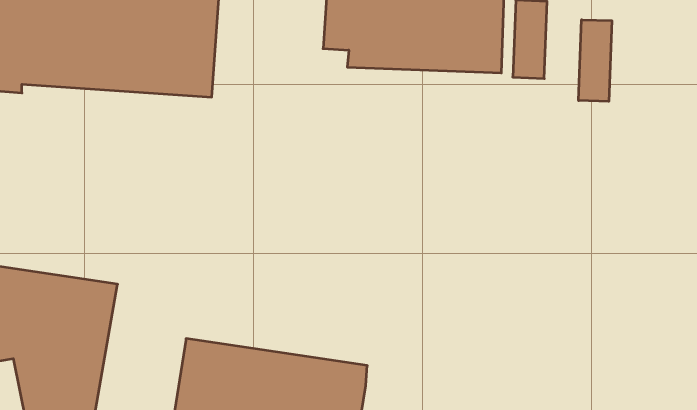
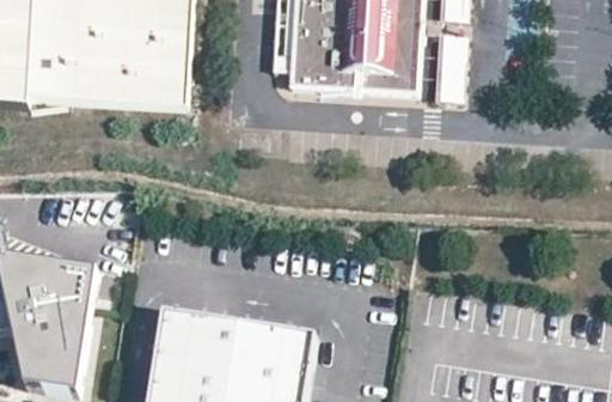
building: [579,20,612,101] -> none

